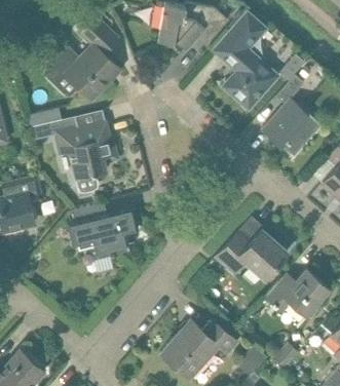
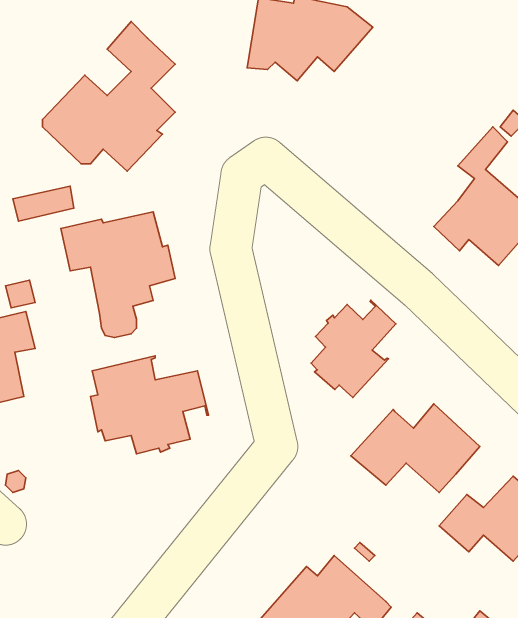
building: [215,14,277,109] -> none
building: none -> [311,300,396,398]

